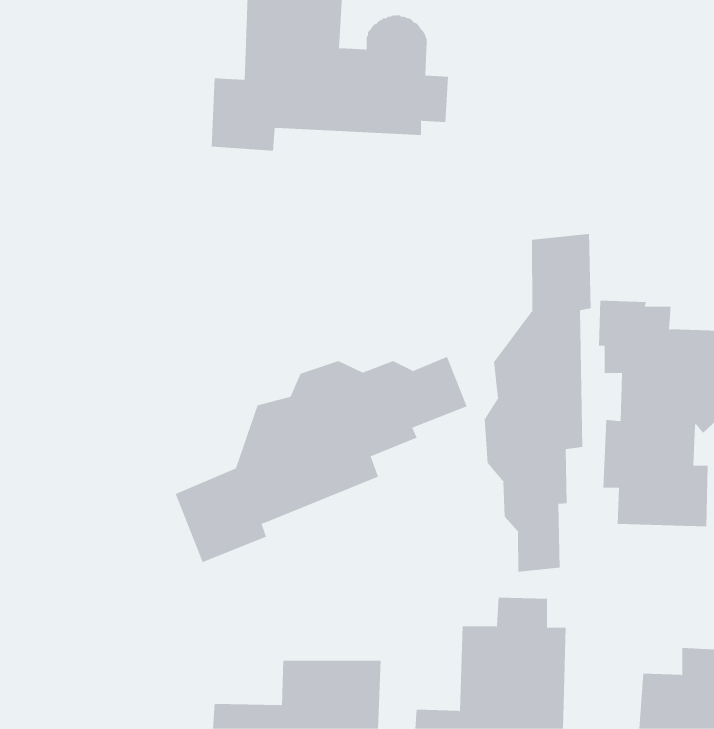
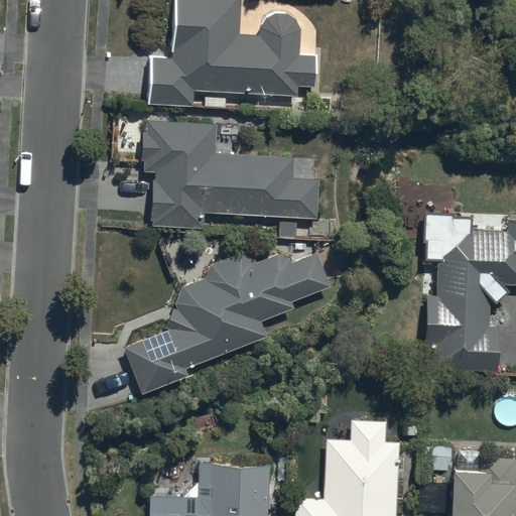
building: none -> [140,120,319,230]
building: [484,233,591,572] -> none

